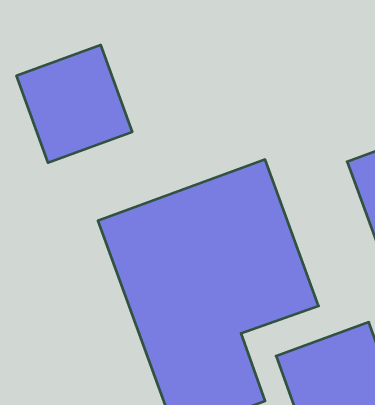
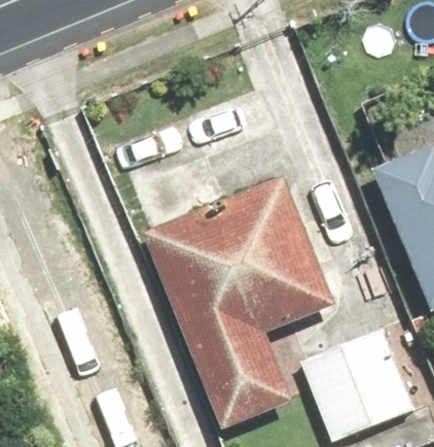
building: [17,45,132,163] -> none

